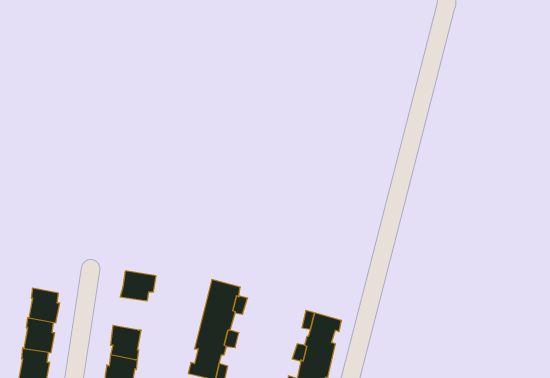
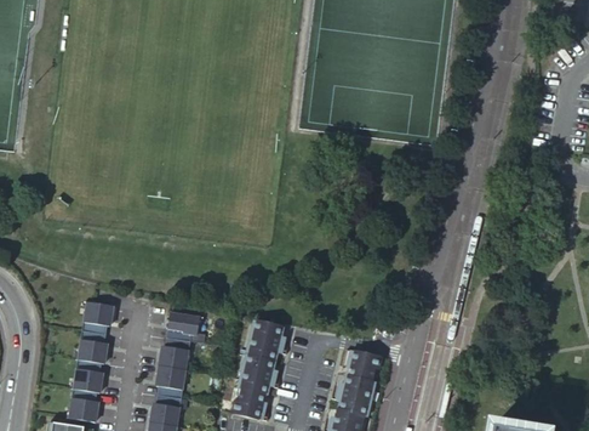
building: none -> [80,299,113,331]
building: none -> [159,335,193,368]

